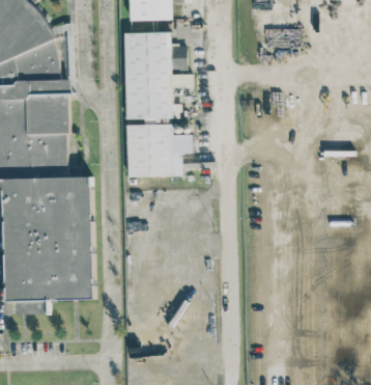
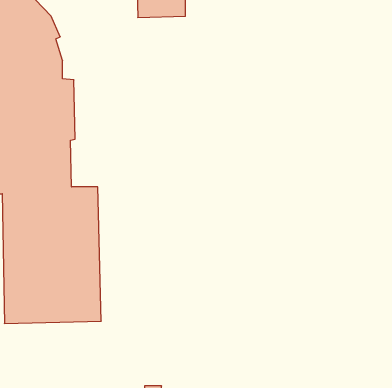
building: [124,32,193,177] -> none

